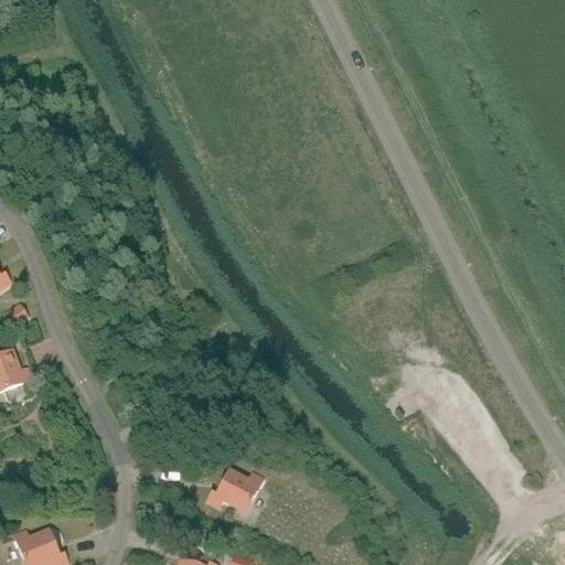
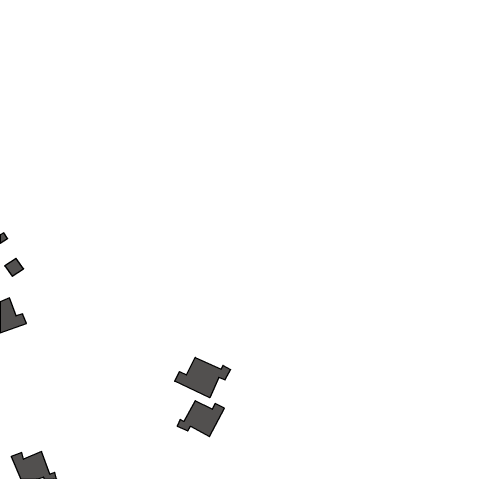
building: none -> [175,357,231,398]

